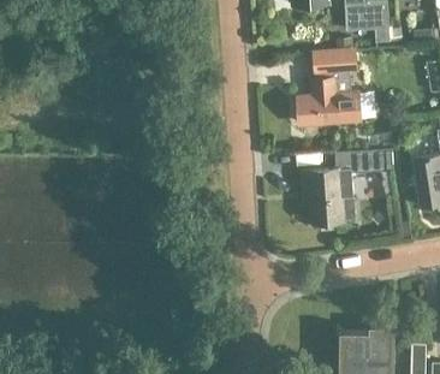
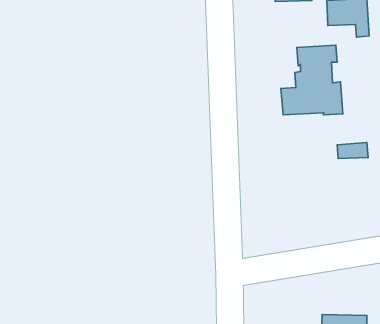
building: [303,170,356,222] -> none

